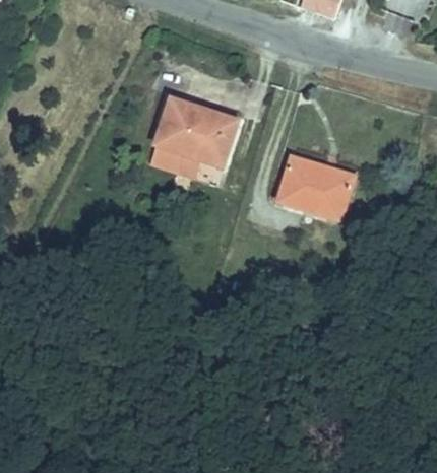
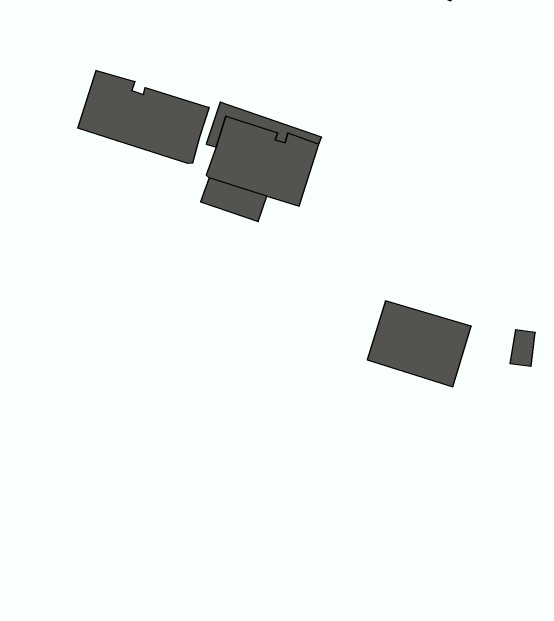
building: none -> [78,70,209,163]
building: [278,158,354,220] -> [367,301,471,387]

